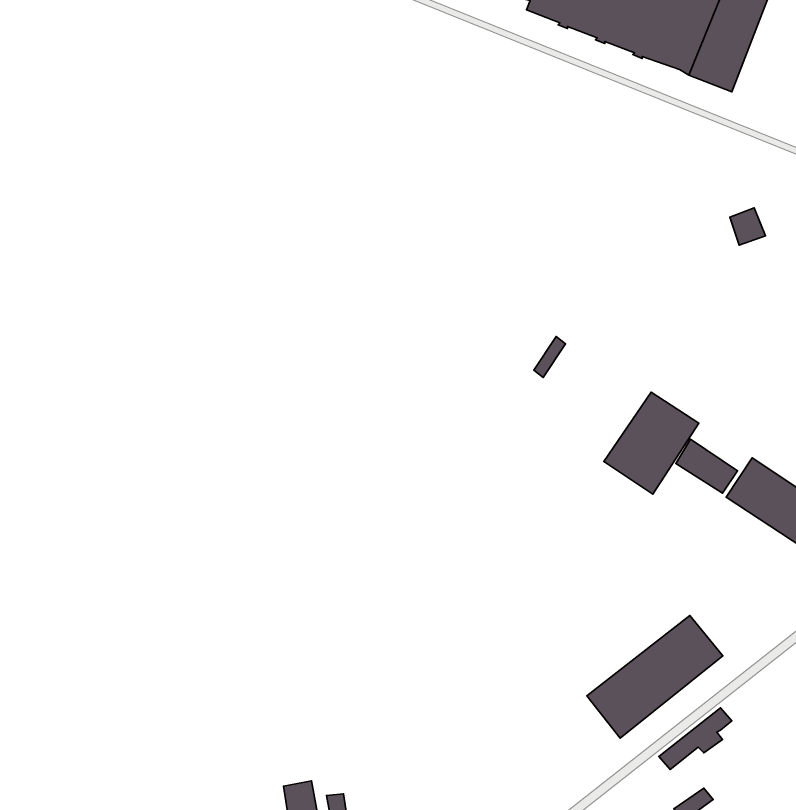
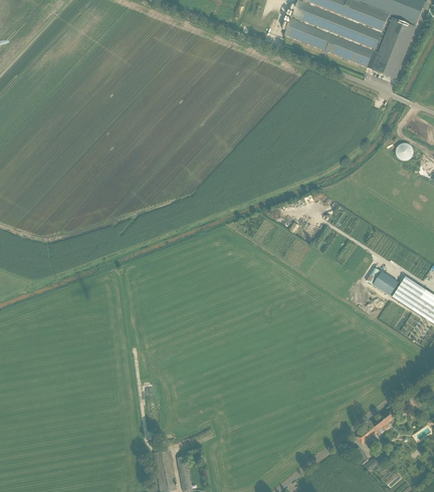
building: [604,392,699,494] -> none
building: [587,615,723,738] -> none

